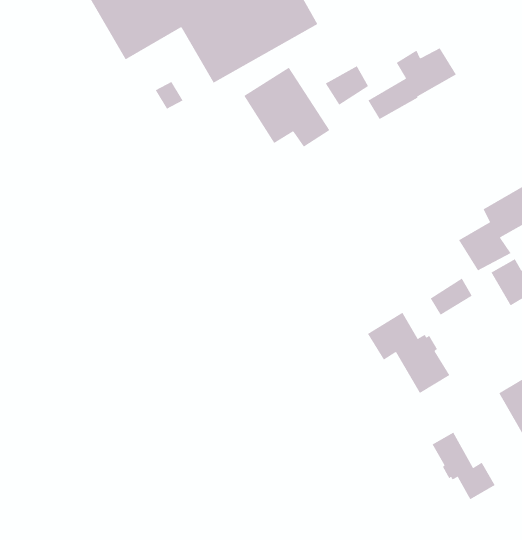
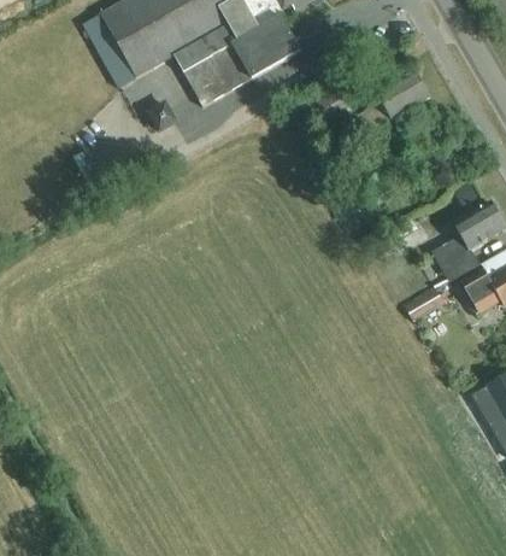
building: [244,67,330,147] -> none
building: [367,312,450,394] -> none
building: [432,432,495,500] -> none

